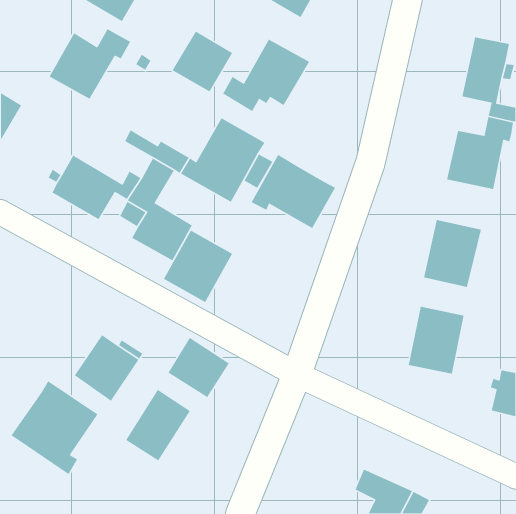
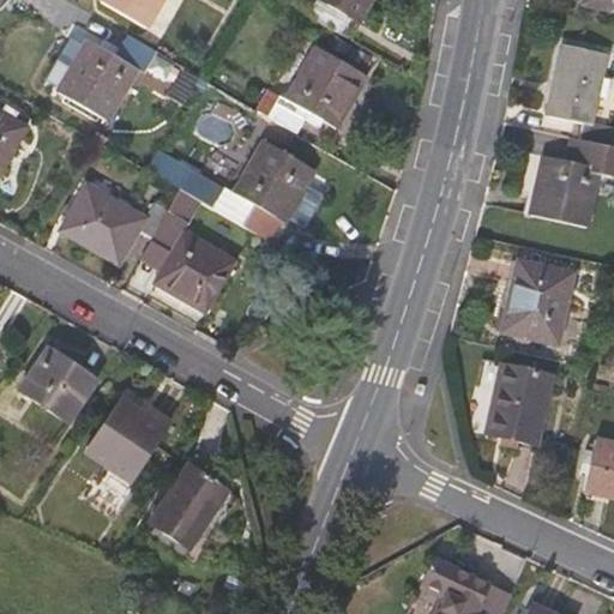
building: [172,31,233,92] -> none
building: [250,154,336,229] -> none
building: [163,230,233,303] -> none
building: none -> [19,347,96,422]
building: [167,337,230,398] -> none
building: [10,380,98,475] -> none

